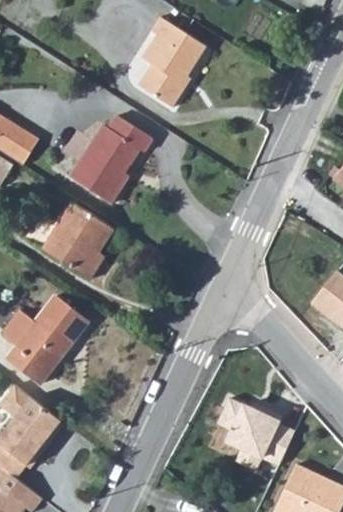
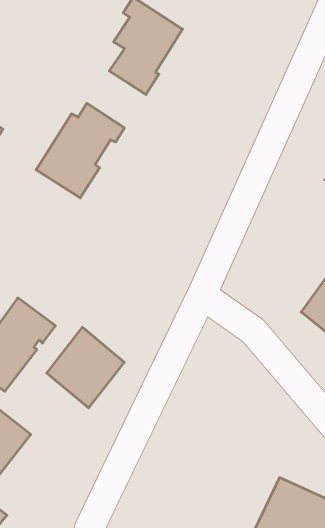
building: [43,201,114,278] -> none
building: none -> [47,327,124,408]
building: [218,397,296,470] -> none

